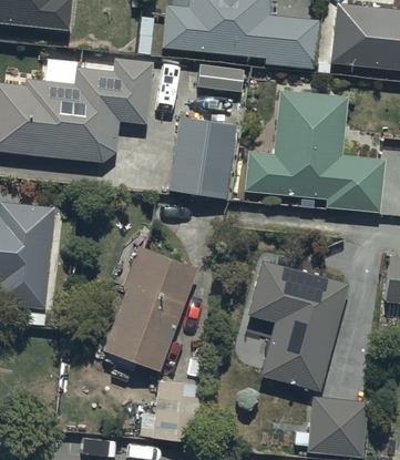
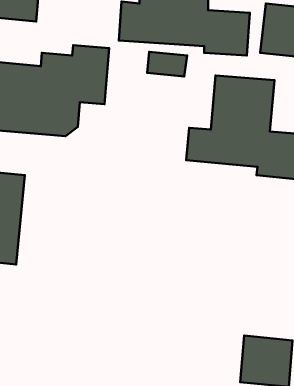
building: [166,112,237,196] -> none
building: [100,245,197,371] -> none
building: [247,259,349,389] -> none

